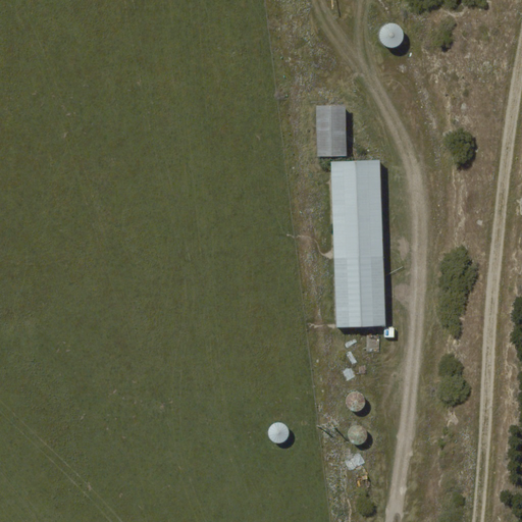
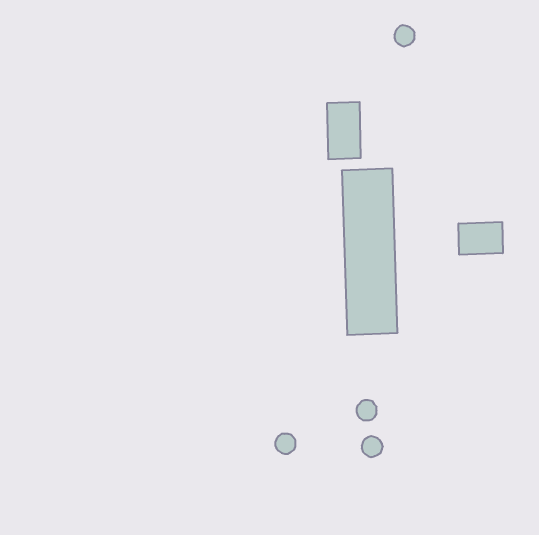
building: none -> [459,222,503,255]

